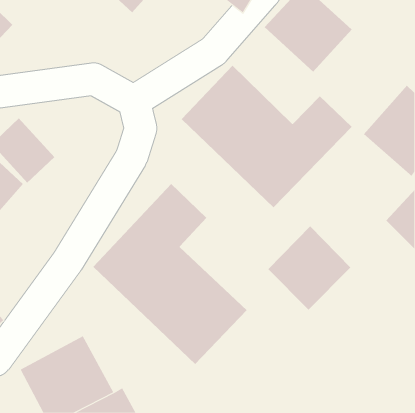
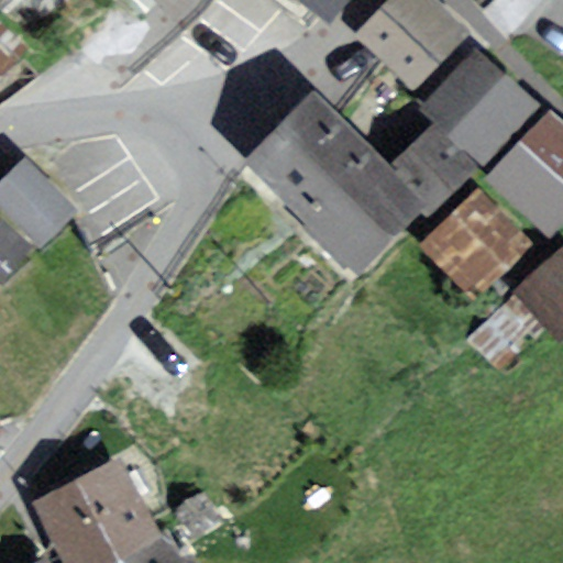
building: none -> [417,49,539,172]
building: [93,183,248,365] -> none
building: [267,226,351,310] -> [419,188,531,301]

